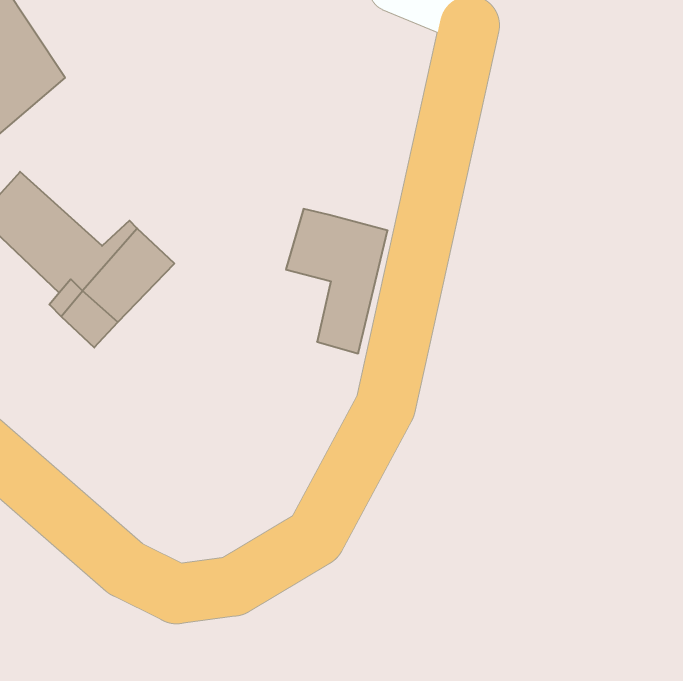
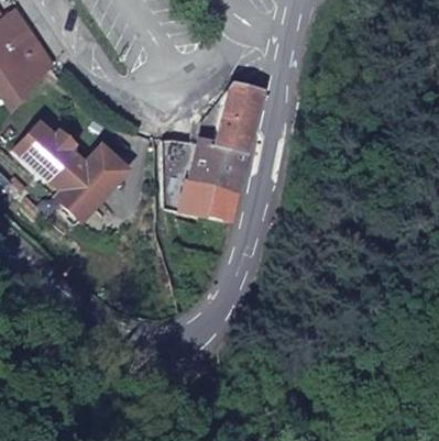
building: none -> [211,80,261,152]
building: none -> [164,168,212,214]

